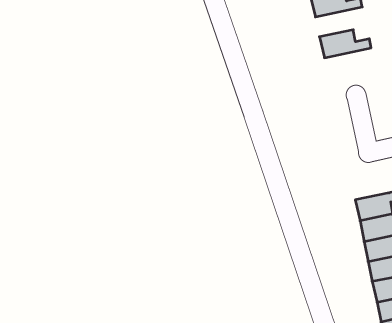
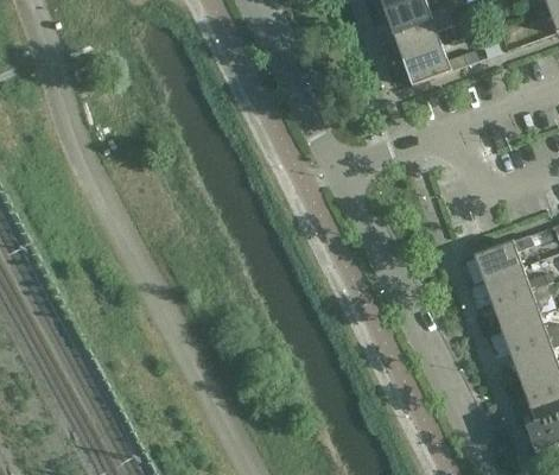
building: none -> [393,15,452,59]

